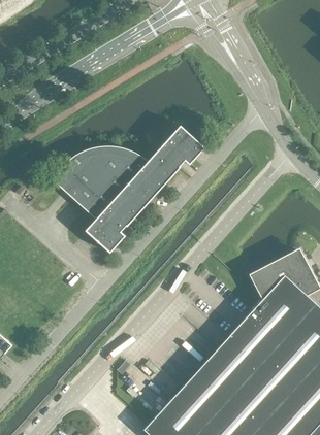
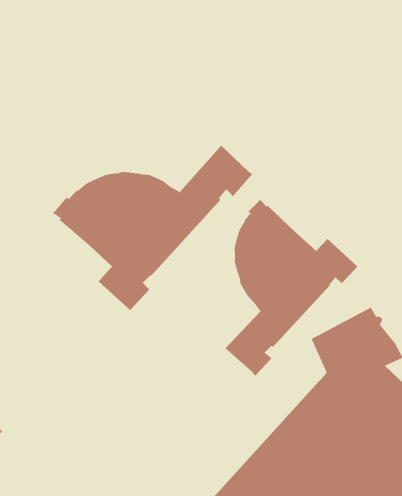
building: none -> [224,199,358,376]

